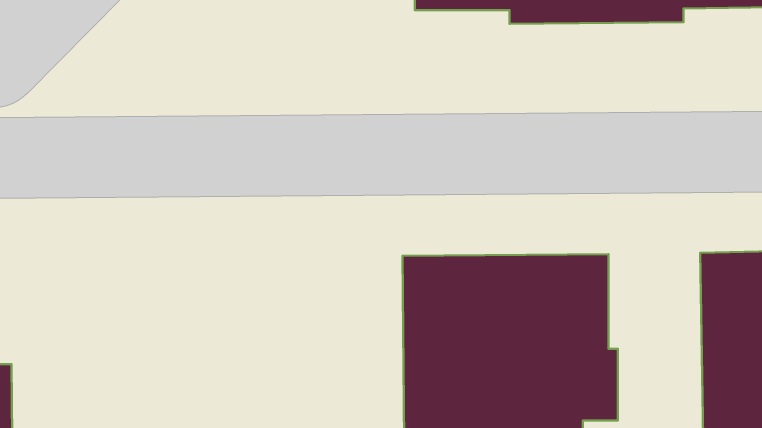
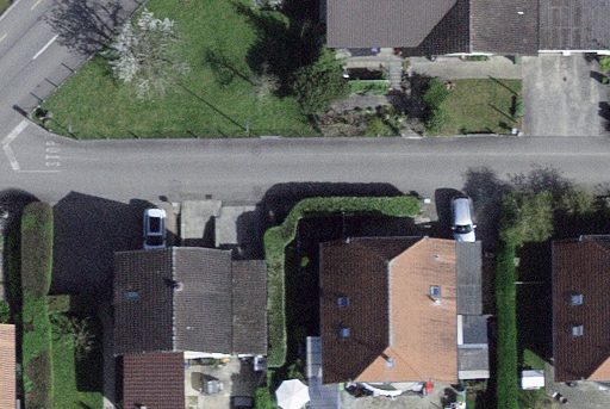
building: none -> [113,250,263,358]

